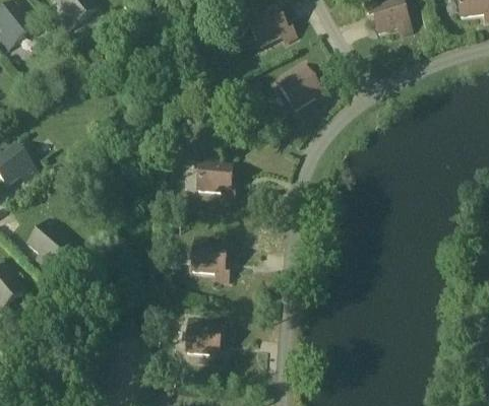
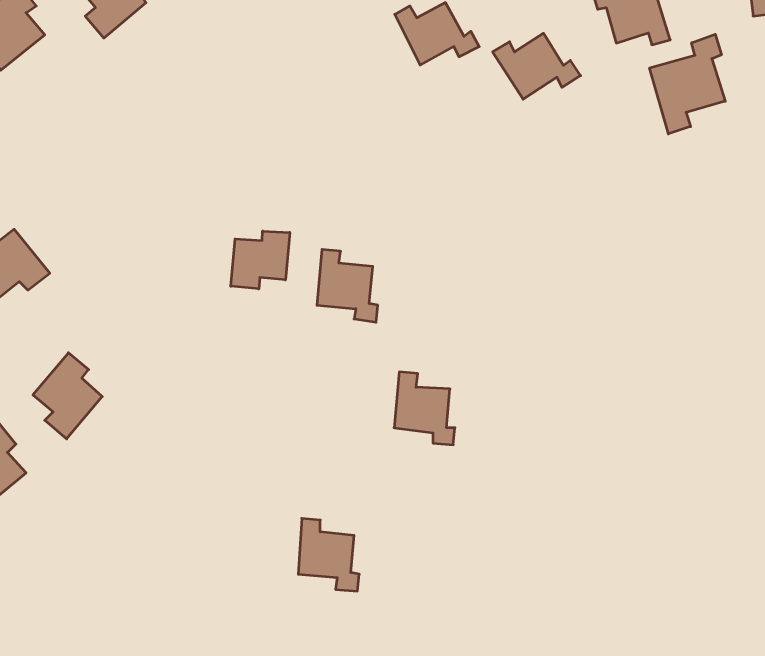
building: none -> [650,34,725,134]
building: [277,70,329,110] -> [493,33,581,99]
building: none -> [231,231,290,289]
building: [192,236,229,280] -> [394,372,455,445]

